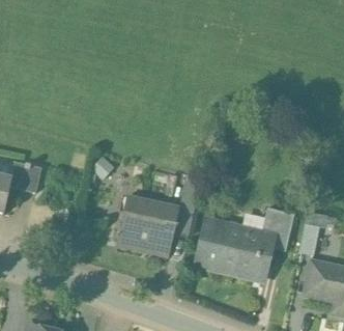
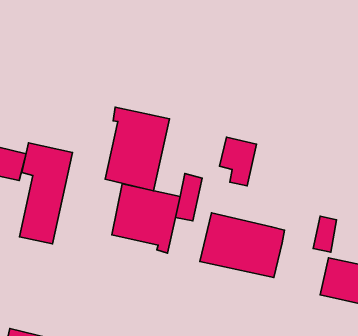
building: none -> [105,107,169,191]
building: none -> [20,143,73,244]
building: [261,206,294,250] -> [219,137,257,186]

